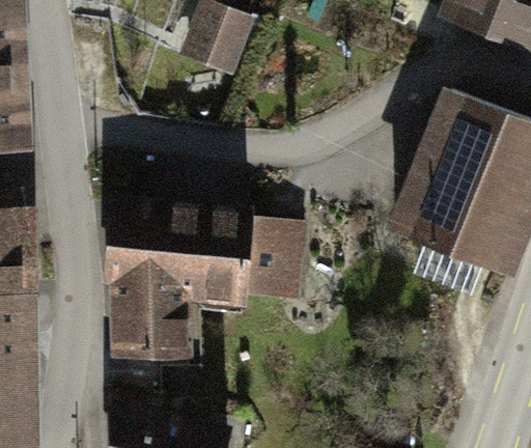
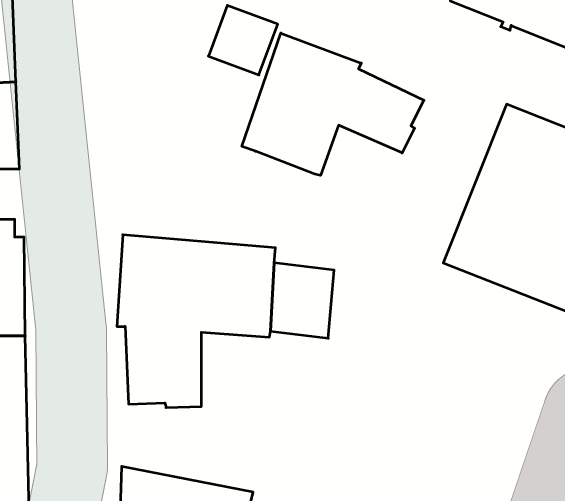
building: none -> [242,33,424,175]

